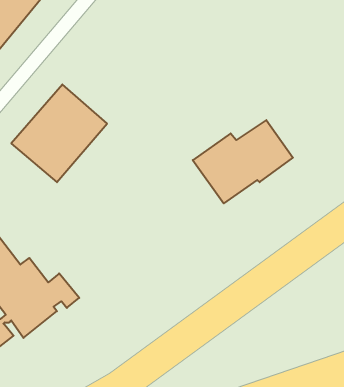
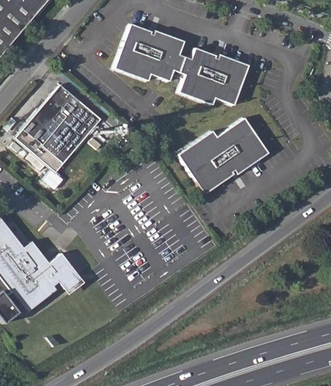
building: none -> [114,23,246,104]

